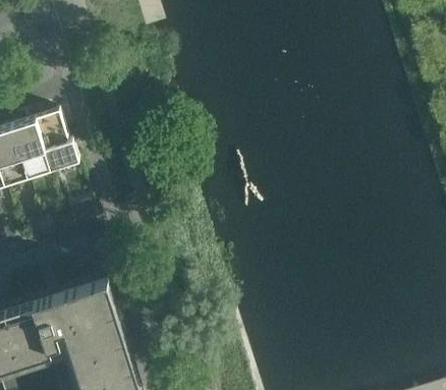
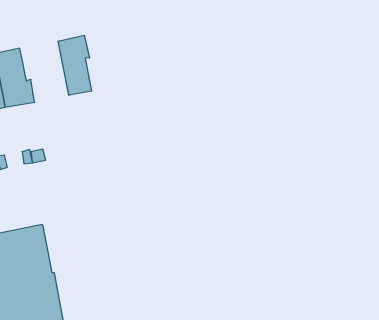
building: none -> [58,35,92,95]

